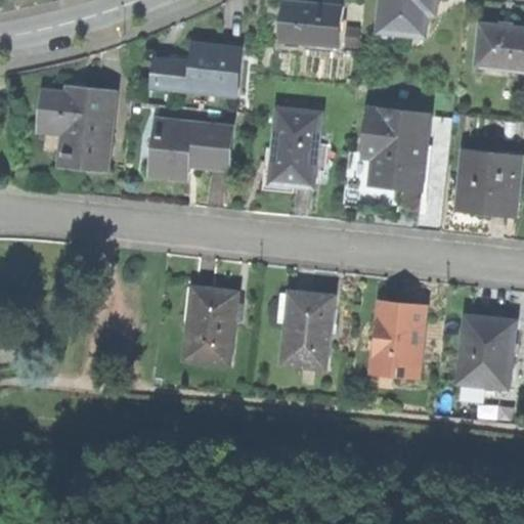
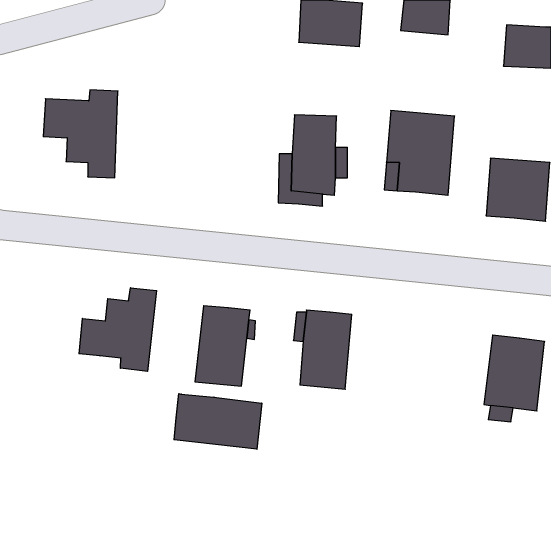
building: [154,46,238,91] -> none
building: [148,121,227,178] -> none
building: none -> [79,288,157,371]
building: [373,304,424,378] -> none
building: none -> [174,394,262,449]

